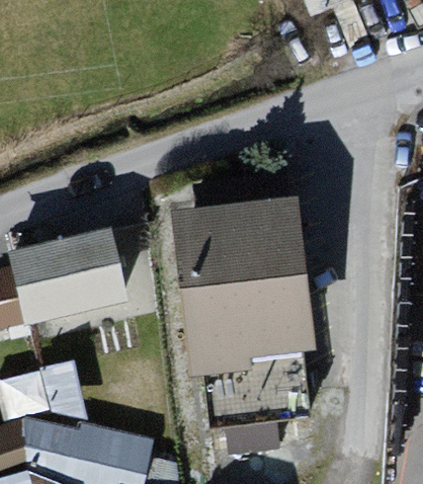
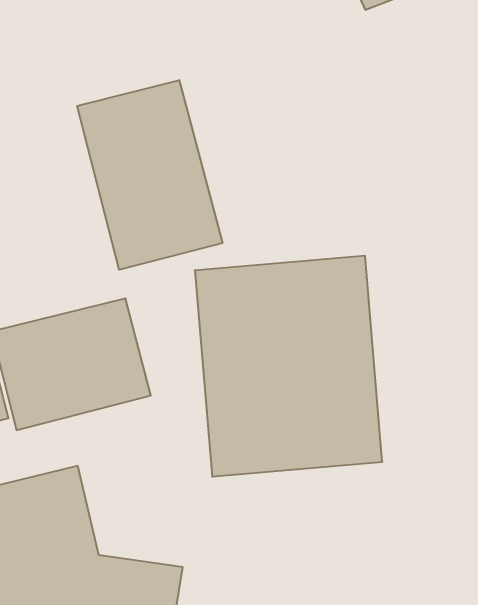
building: none -> [77,80,222,270]

